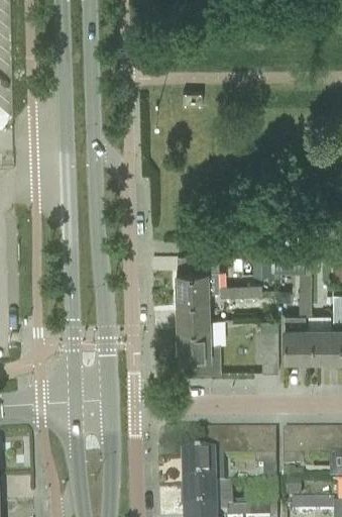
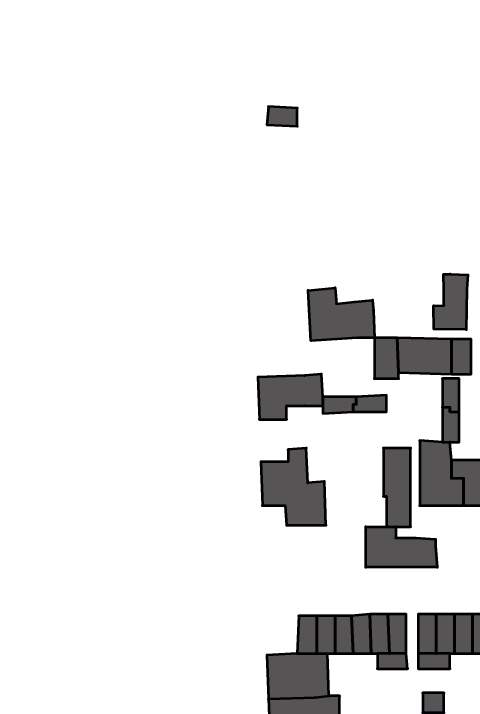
building: none -> [434,274,468,330]
building: none -> [308,288,374,341]
building: [177,294,208,331] -> none
building: none -> [366,527,437,567]

